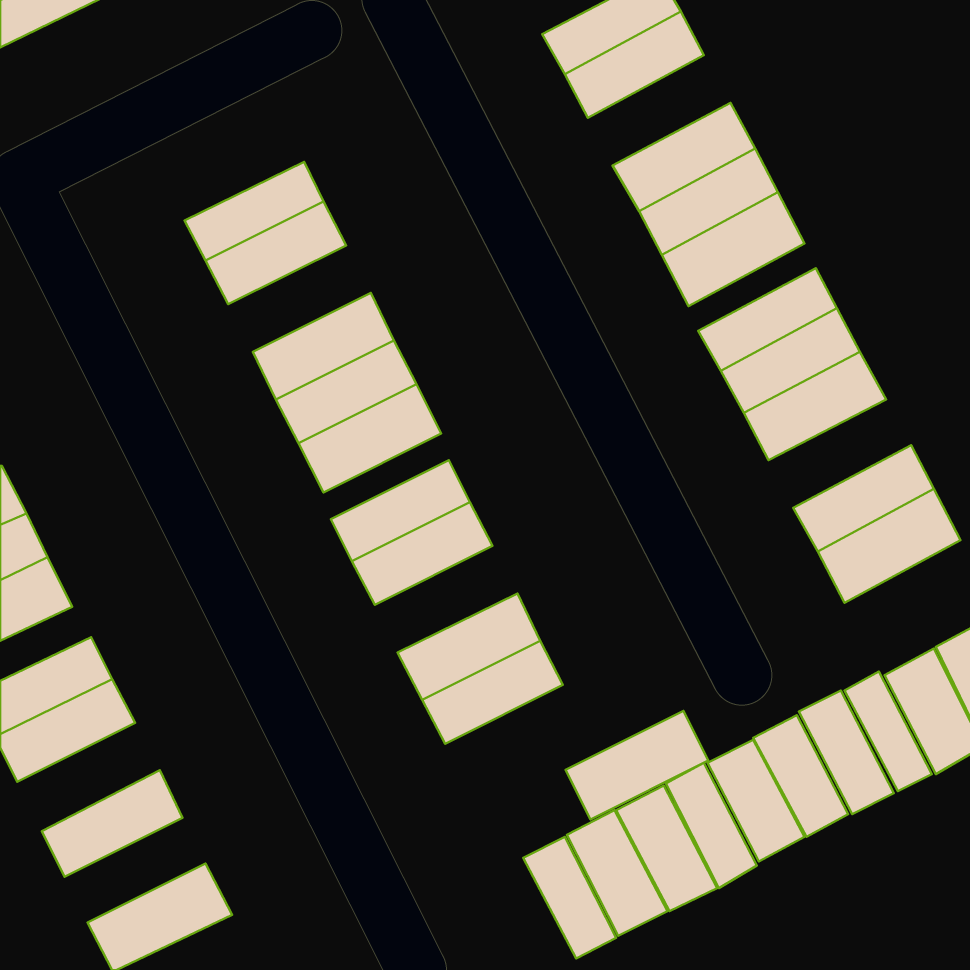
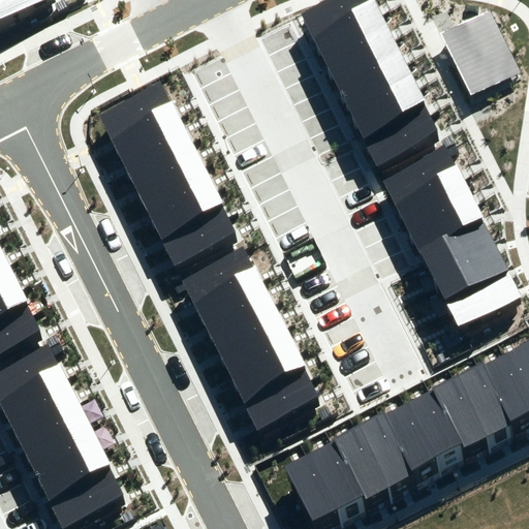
building: none -> [442,8,521,92]
building: none -> [320,30,398,90]
building: none -> [125,133,203,191]
building: none -> [418,217,496,276]
building: none -> [205,297,282,354]
building: [566,711,708,819] -> [243,372,320,431]
building: none -> [10,393,88,452]
building: none -> [36,444,113,501]

